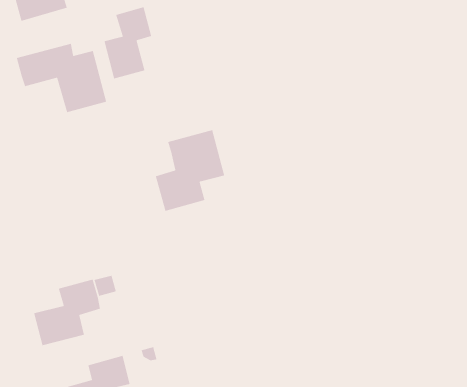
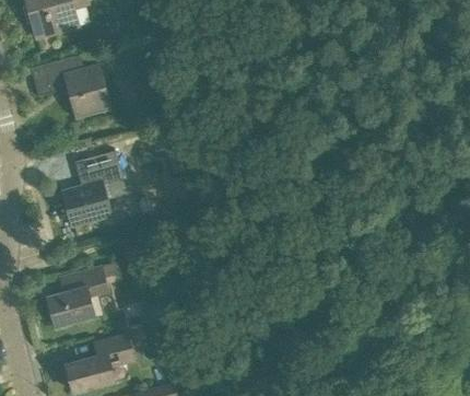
building: [103,6,152,79] -> none
building: [155,129,225,212] -> [64,152,127,225]

